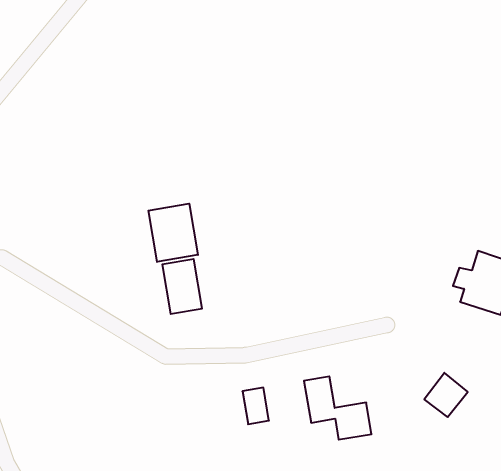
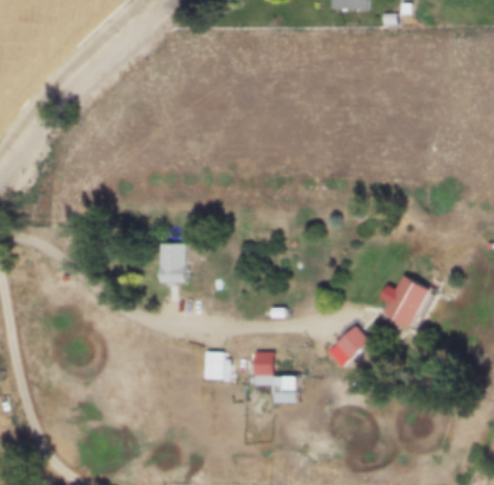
building: [148,204,198,262] -> none
building: [424,373,468,417] -> [337,326,371,360]

